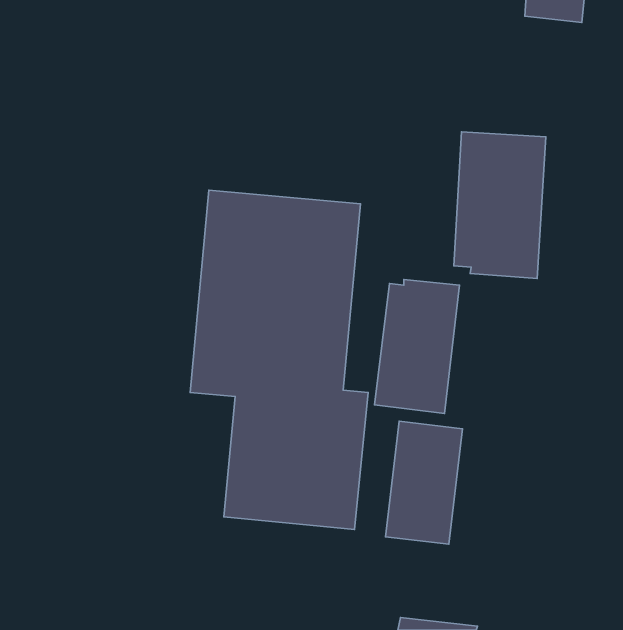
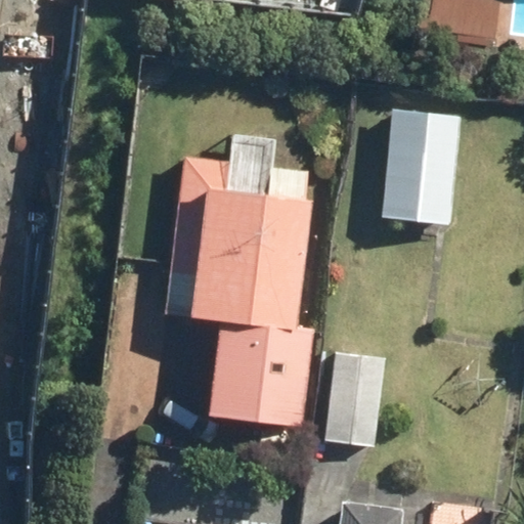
building: [375,279,460,413] -> none

